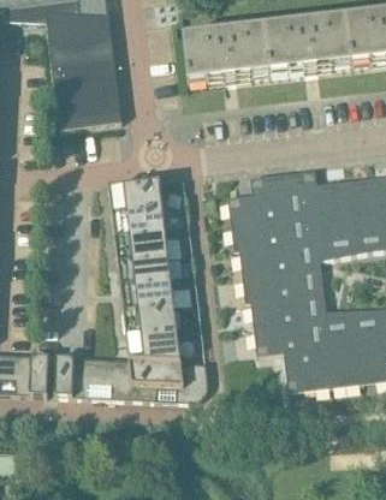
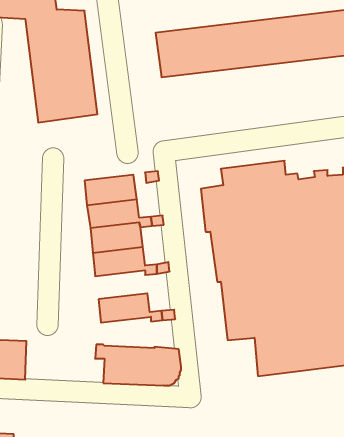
building: [119,280,173,310] -> none
building: [125,328,180,361] -> none
building: [54,355,129,397] -> none

